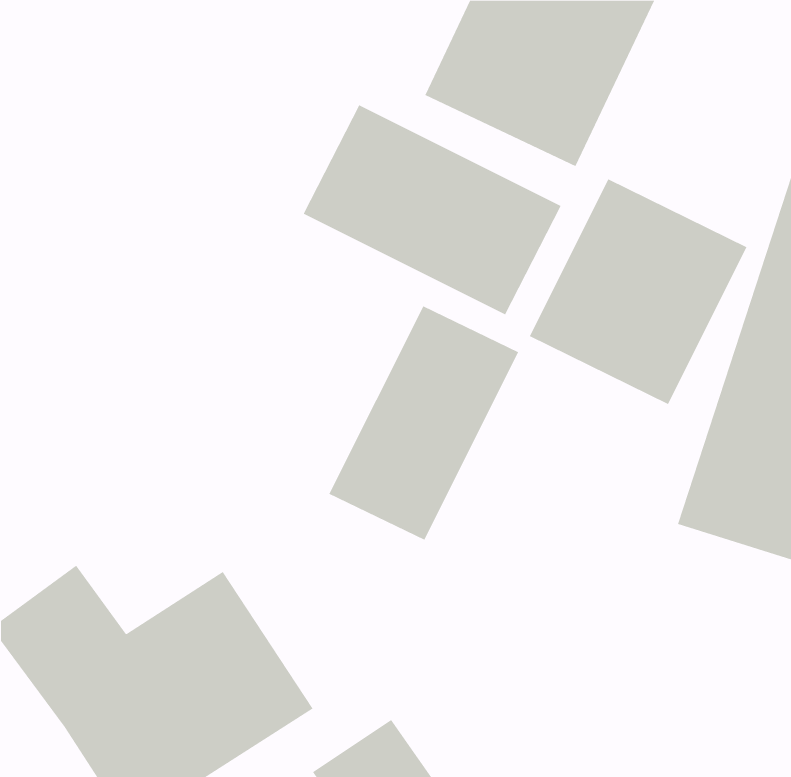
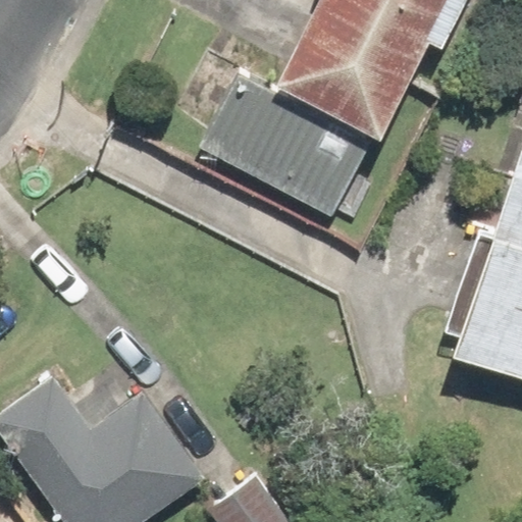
building: [529,179,747,405] -> none
building: [329,305,519,541] -> none

